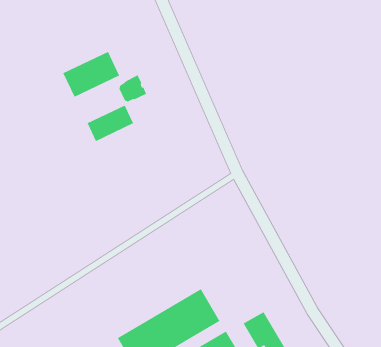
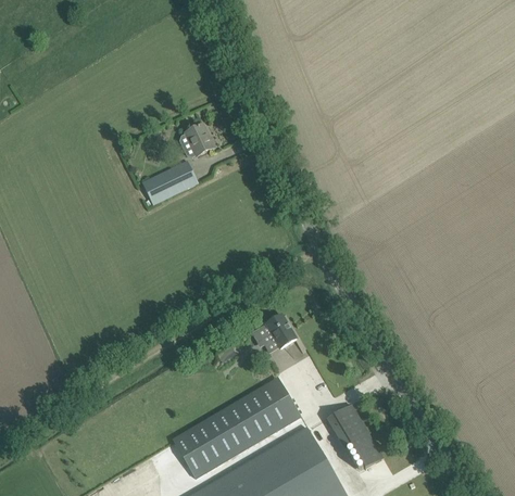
building: [62,51,120,98] -> none
building: none -> [251,315,296,348]

